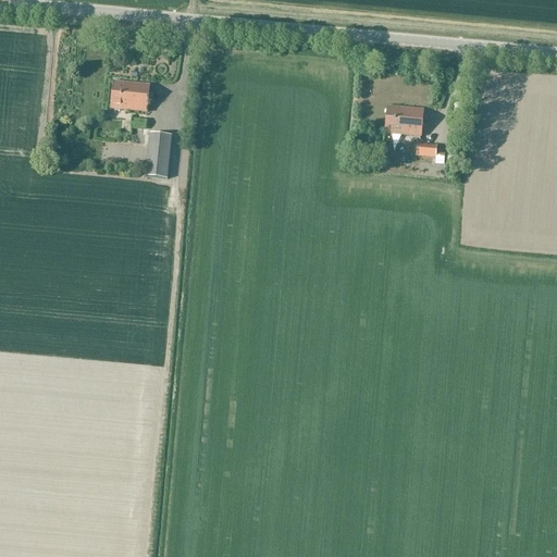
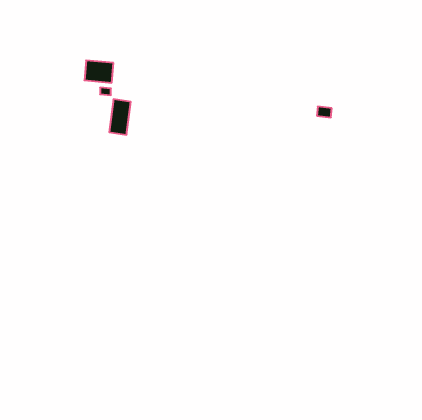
building: [384,104,424,134] -> none

